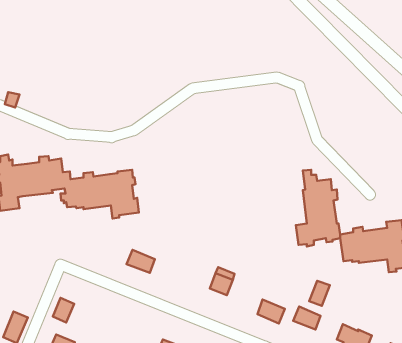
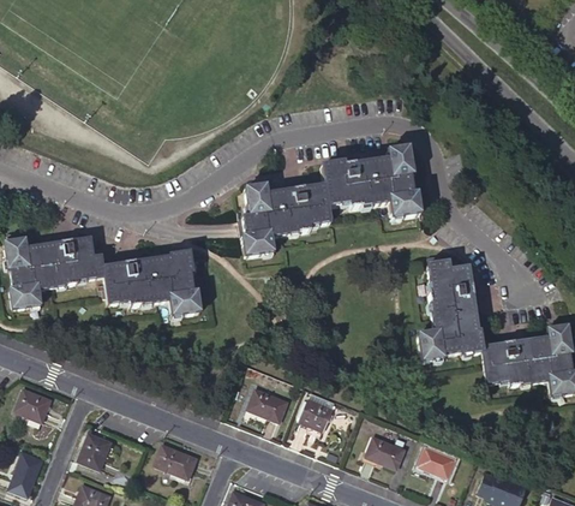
building: none -> [242,147,427,256]
building: [127,250,155,273] -> [247,389,287,422]
building: none -> [13,389,50,423]
building: [309,281,330,306] -> none
building: none -> [154,445,197,480]

